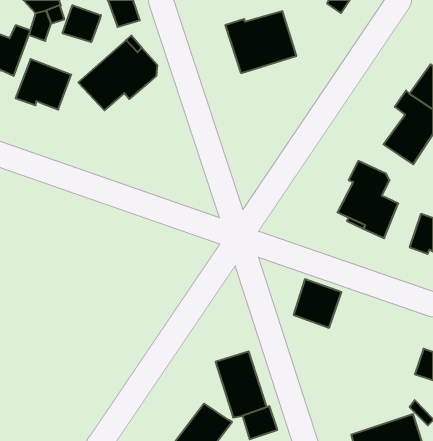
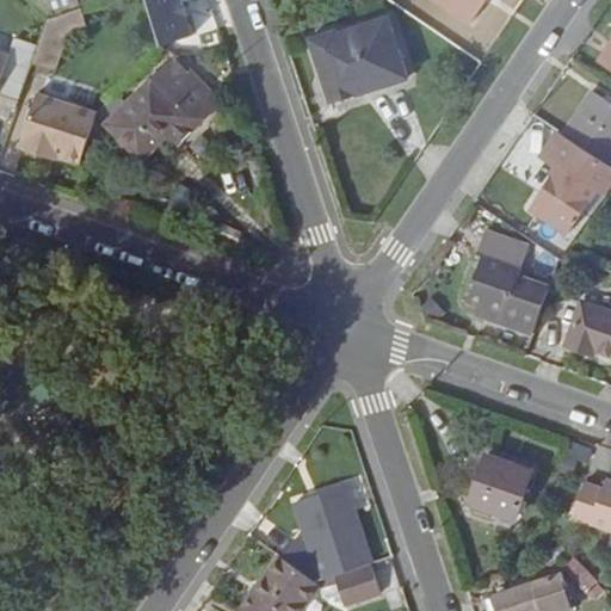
building: [63,5,101,42] -> none
building: [294,279,341,328] -> [463,458,529,525]

